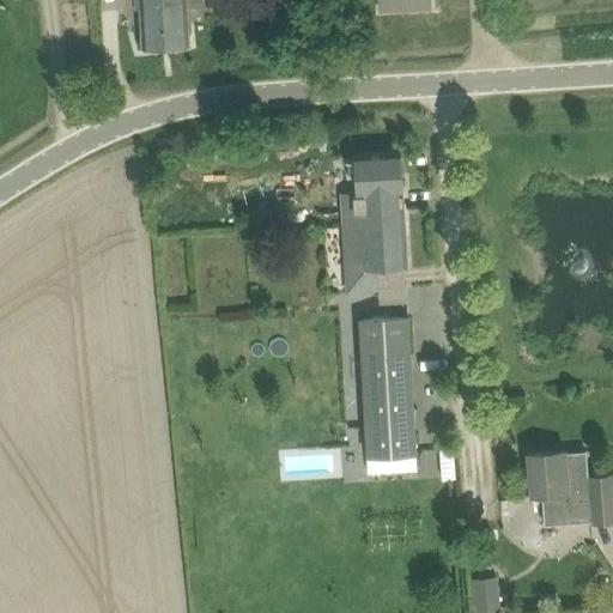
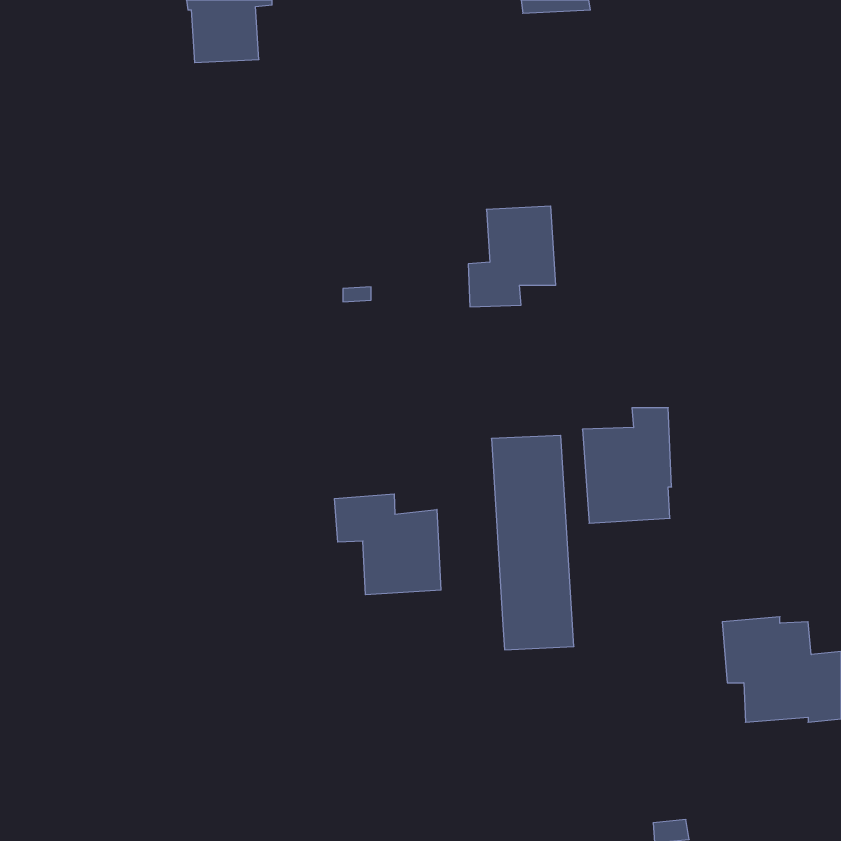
building: [341,208,406,292] -> [582,408,672,523]
building: none -> [334,494,441,595]

